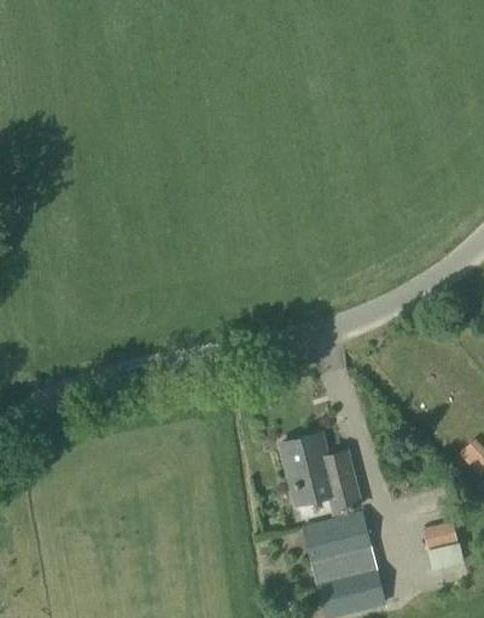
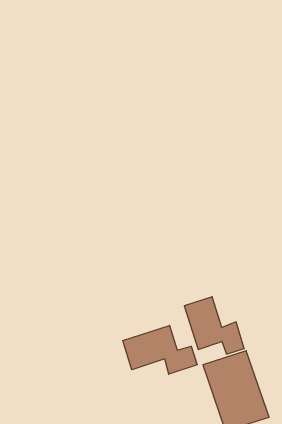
building: none -> [123,325,197,374]

